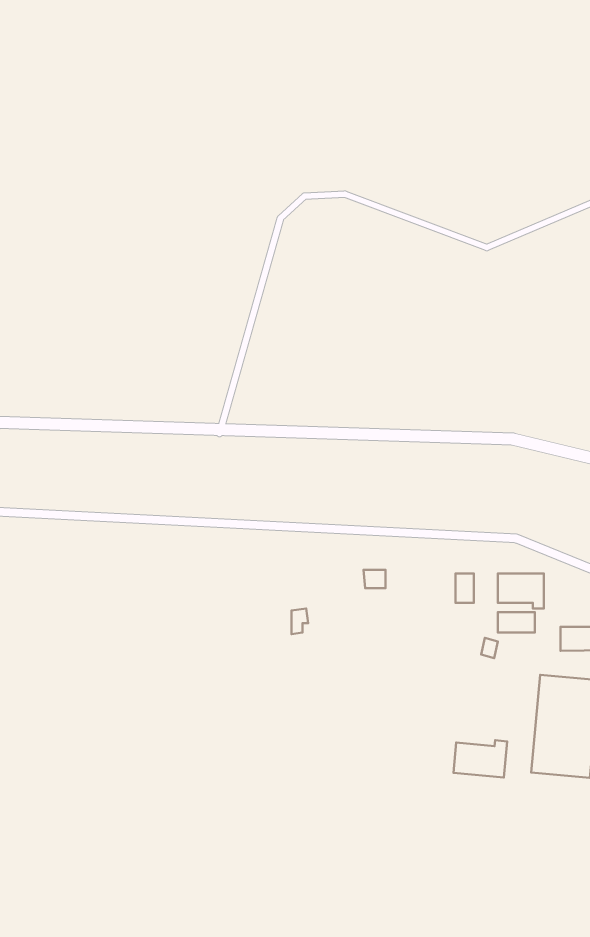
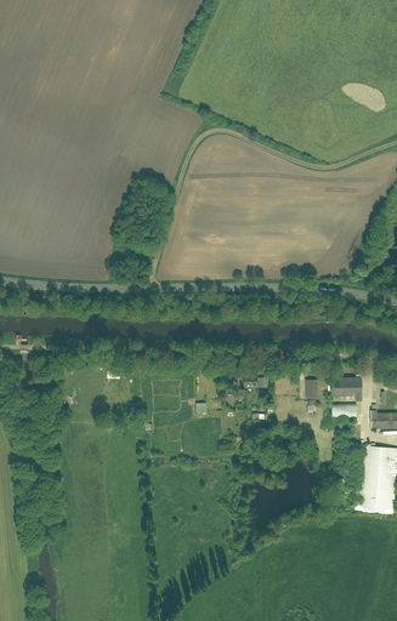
building: [453,740,507,778] -> none

